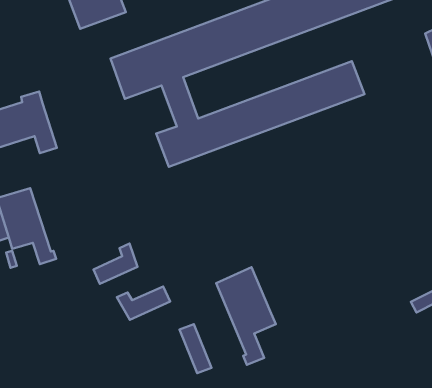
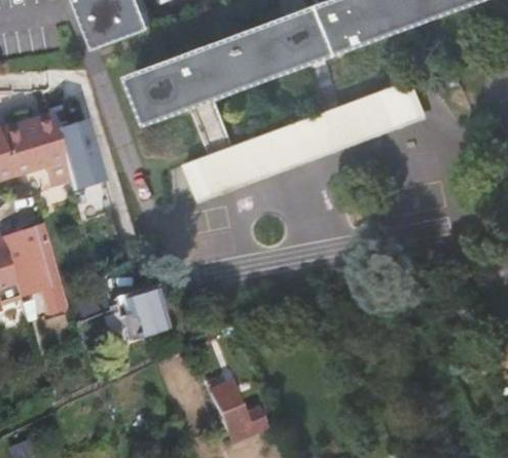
building: none -> [55,117,105,189]
building: [216,267,276,365] -> none
building: [117,287,170,320] -> none

